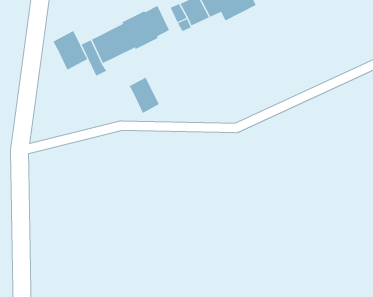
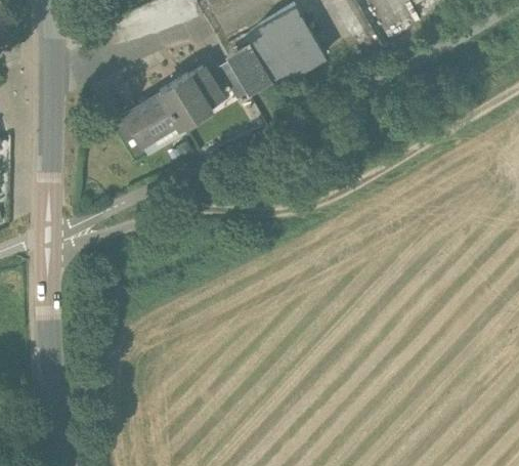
building: [52,30,88,71] -> none
building: [128,77,160,114] -> none

